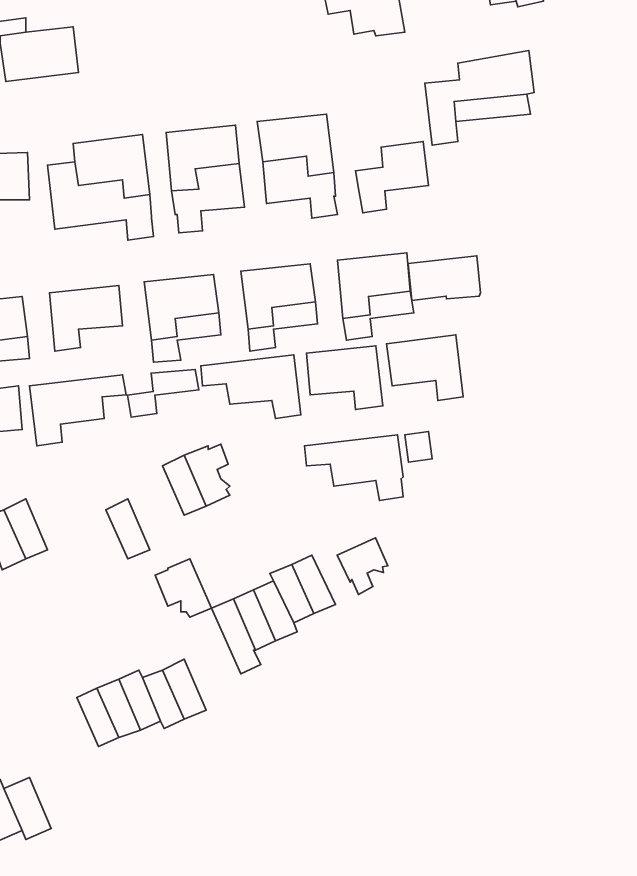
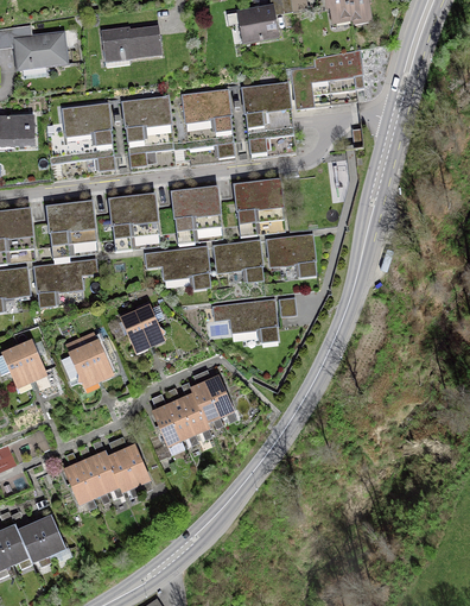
building: none -> [101,25,160,65]
building: none -> [241,82,290,126]
building: [408,256,481,301] -> none
building: [128,370,199,417] -> [50,227,96,258]
building: [337,538,388,594] -> none
building: [155,559,212,617] -> [61,347,97,385]
building: none -> [33,513,65,555]

